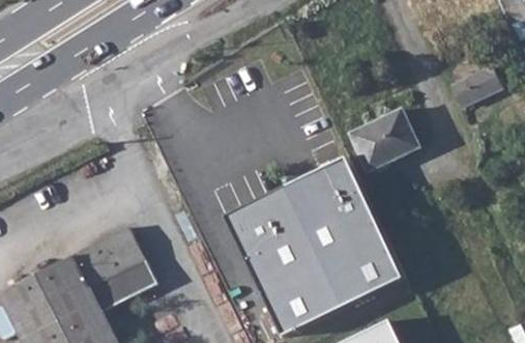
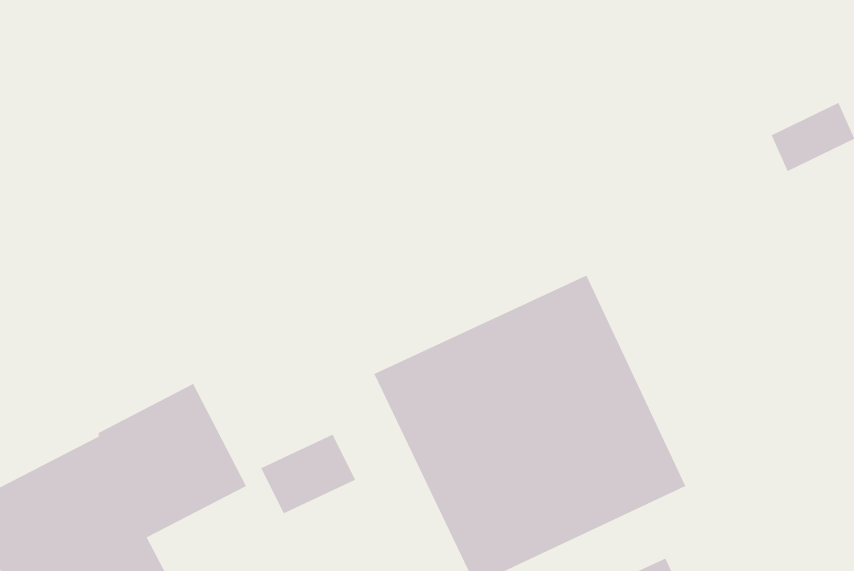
building: [349,107,417,168] -> none
building: none -> [260,434,356,514]

